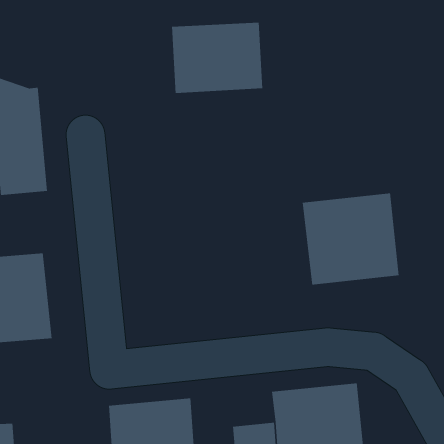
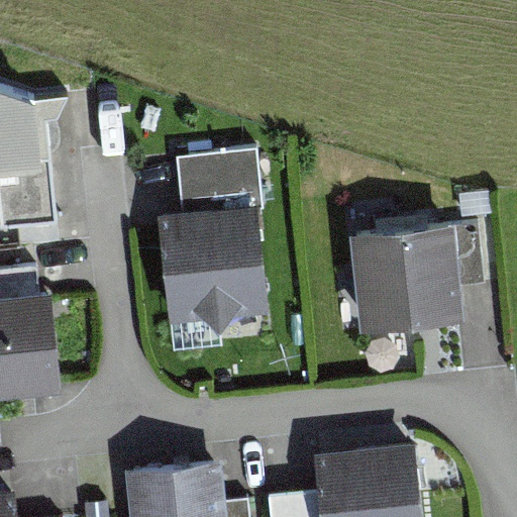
building: [171,22,263,94] -> none
building: none -> [167,147,265,313]

